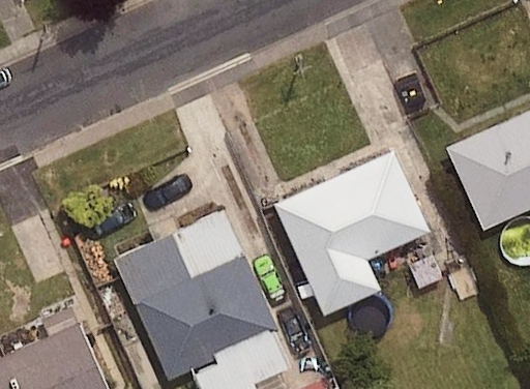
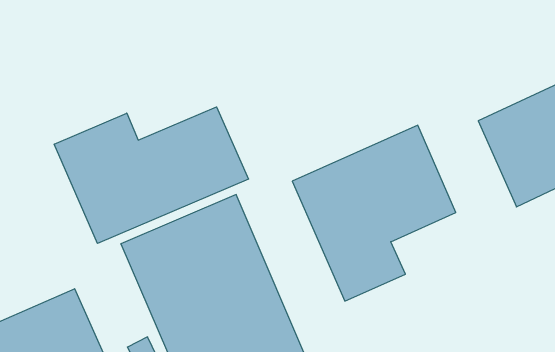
building: none -> [54,107,248,243]

